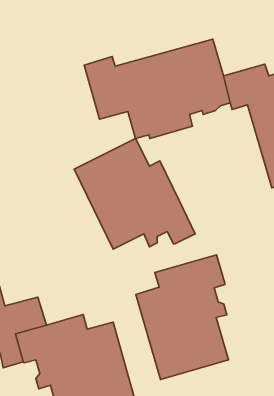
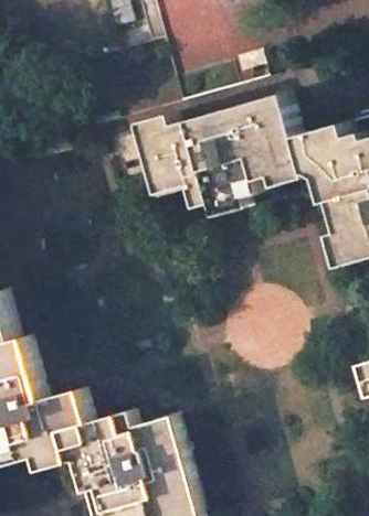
building: [74,139,195,249] -> none
building: [136,255,228,379] -> none

